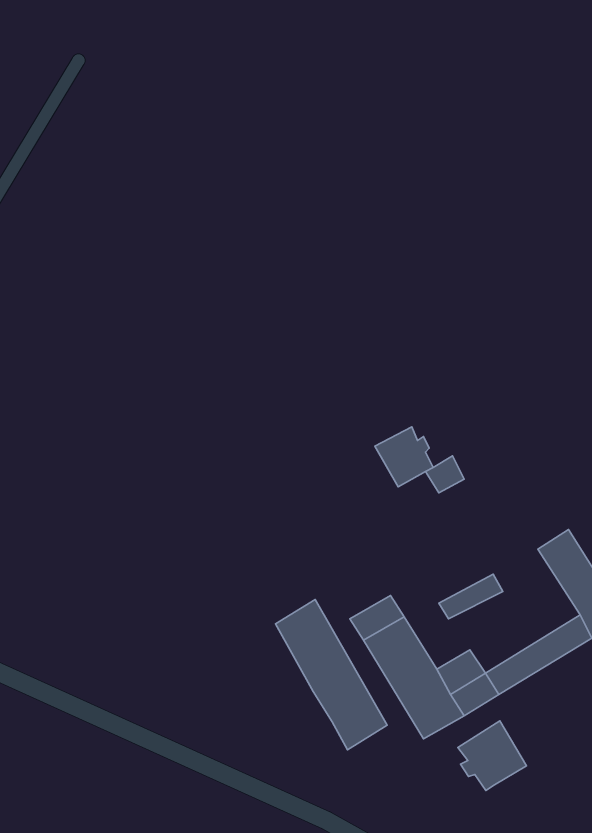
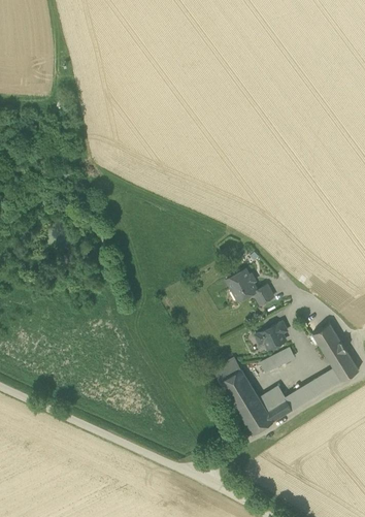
building: none -> [255,322,287,350]
building: [276,599,387,750] -> none
building: [458,721,526,791] -> none

